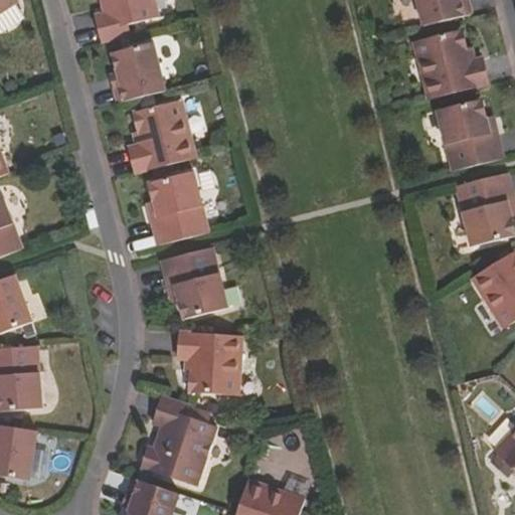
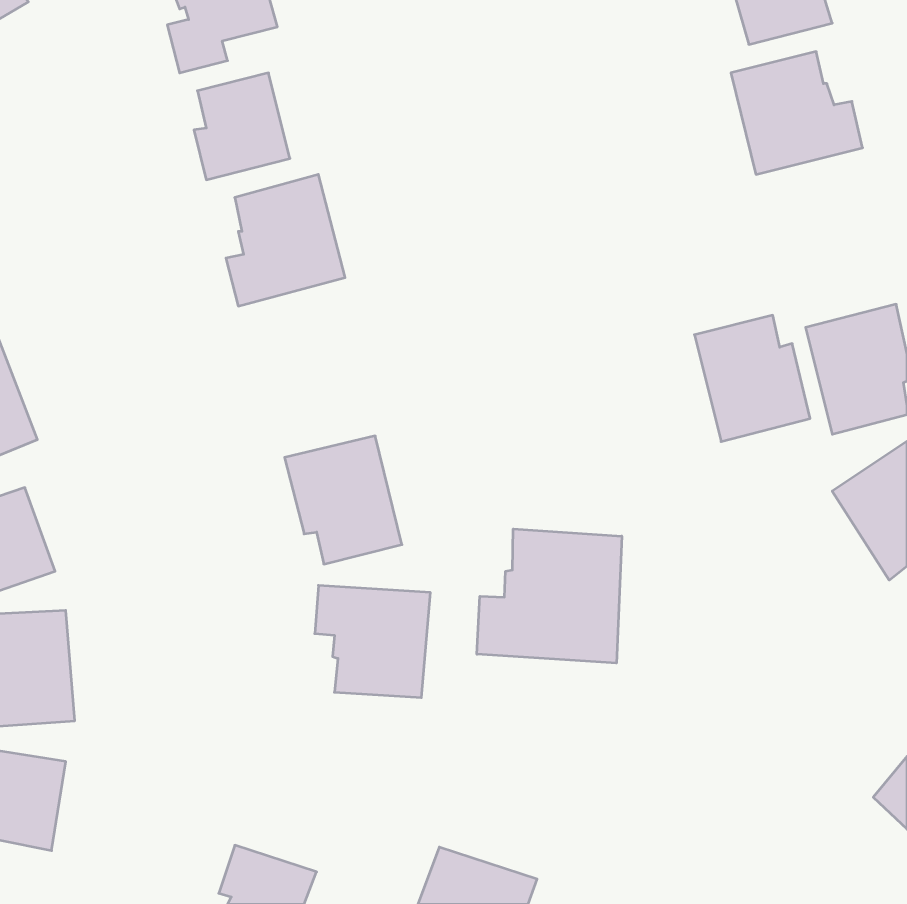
building: [437,99,502,170] -> [694,315,810,442]
building: [146,170,208,243] -> none
building: none -> [477,529,622,663]
building: [142,397,216,487] -> none

